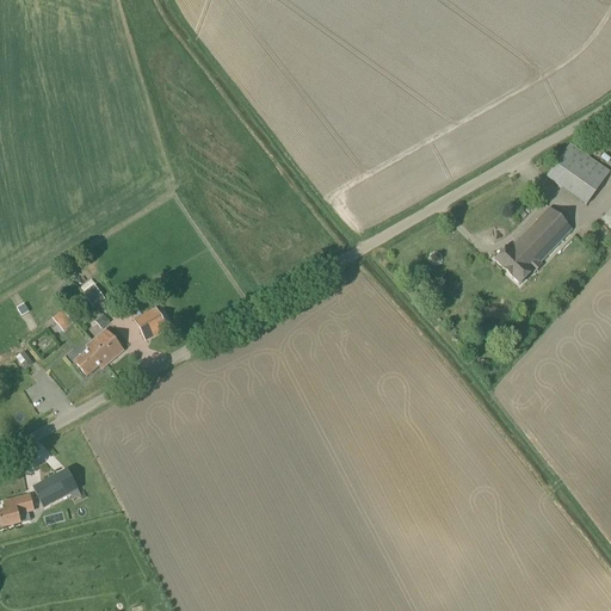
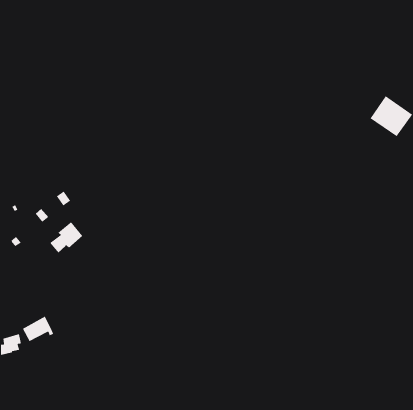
building: [494,205,572,282] -> none
building: [134,306,167,339] -> none

